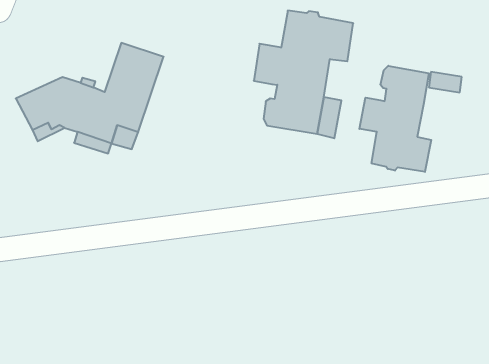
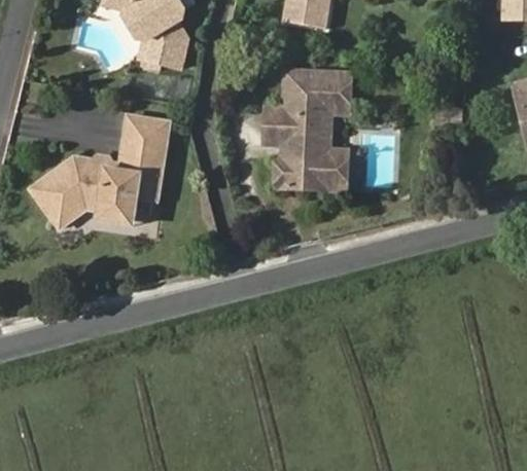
building: [359,66,431,172] -> none

